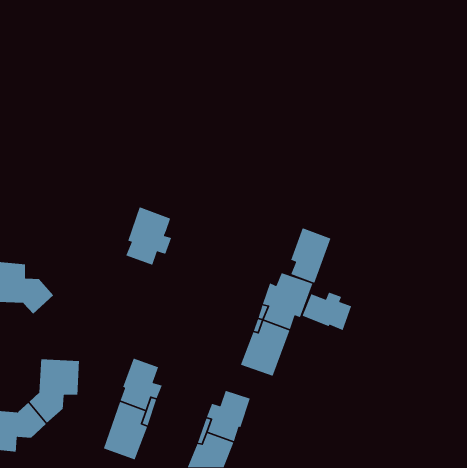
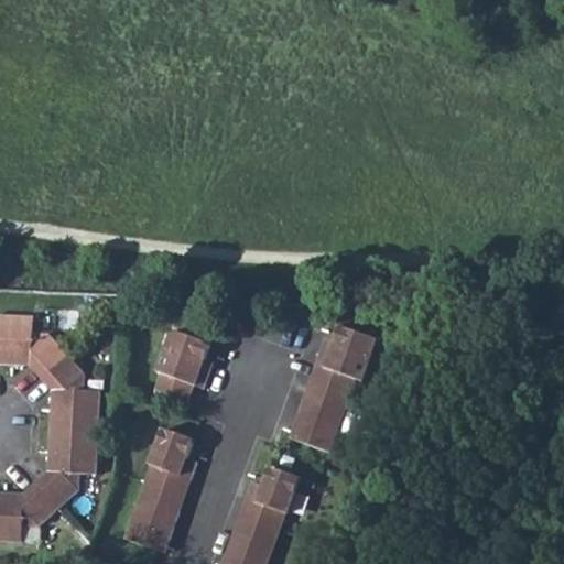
building: [125,206,172,266] -> [153,329,209,401]
building: [290,227,332,284] -> none
building: [301,291,352,331] -> none
building: none -> [40,354,98,432]

